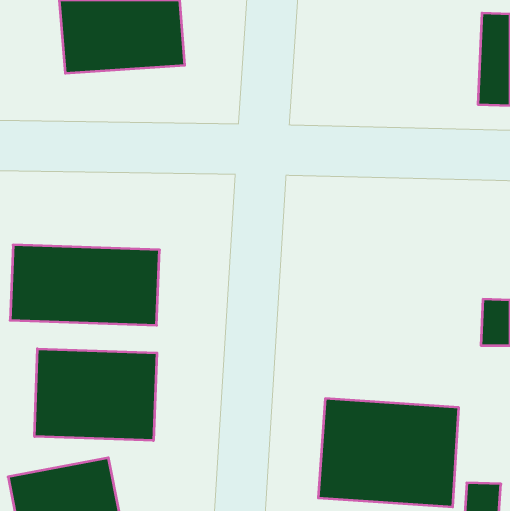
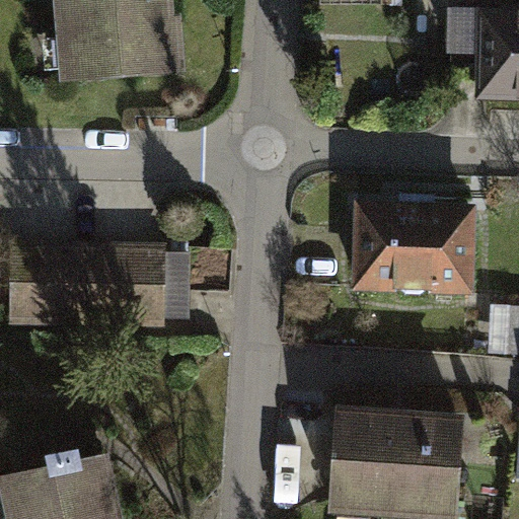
building: none -> [353,199,474,293]
building: [35,349,157,441] -> none

